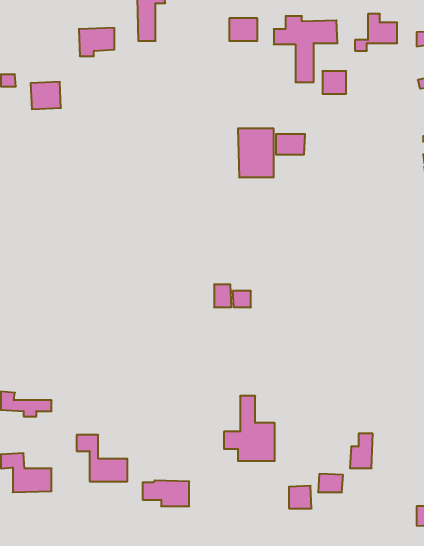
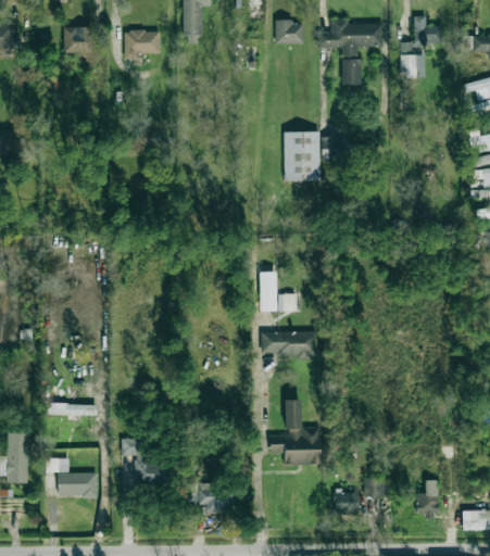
building: [322,71,346,94] -> [401,54,425,77]
building: [31,82,61,109] -> [63,26,93,53]
building: none -> [261,330,317,357]
building: [350,434,373,468] -> [416,480,439,515]

